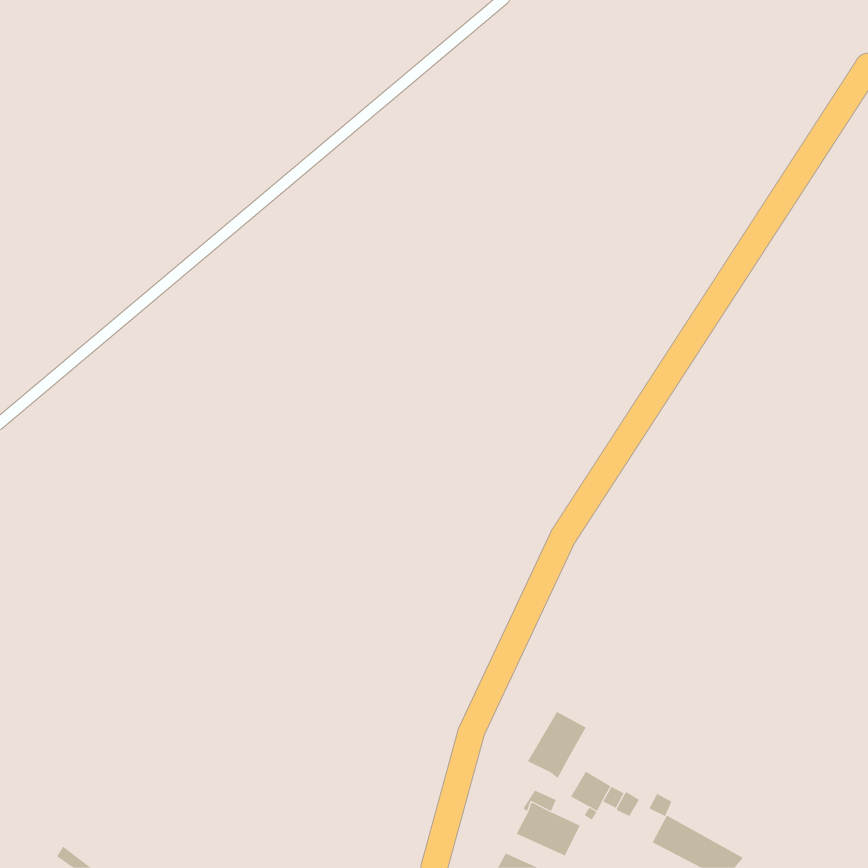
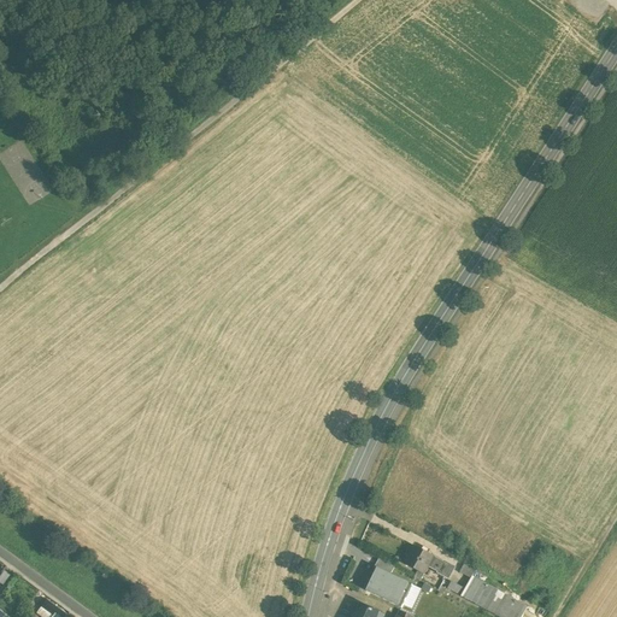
building: [527,711,587,779] -> none

